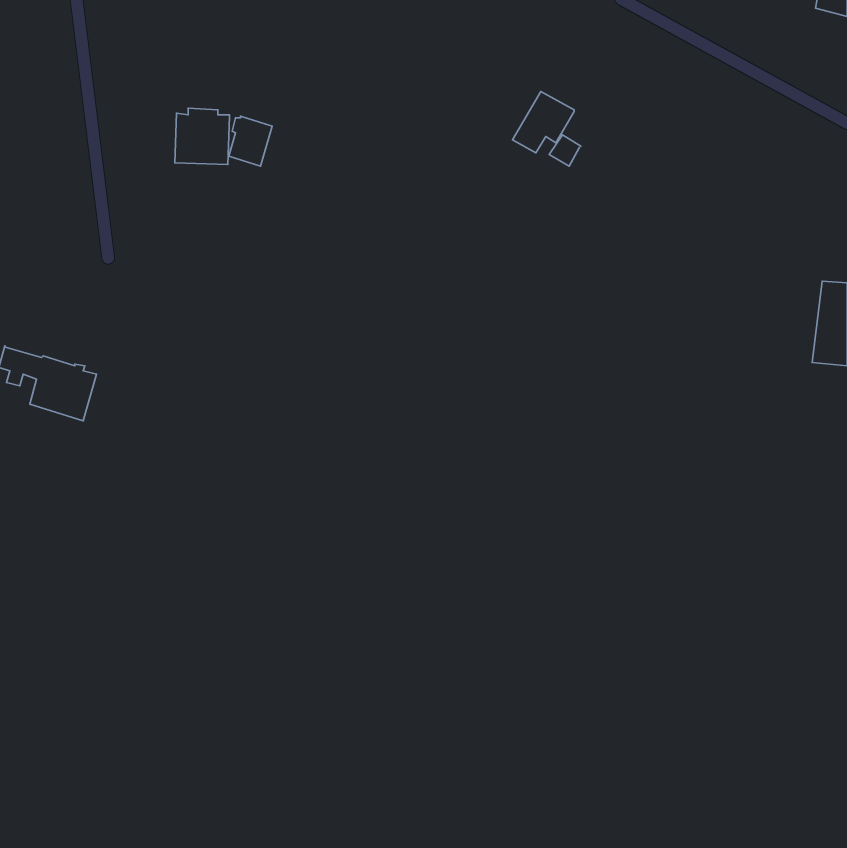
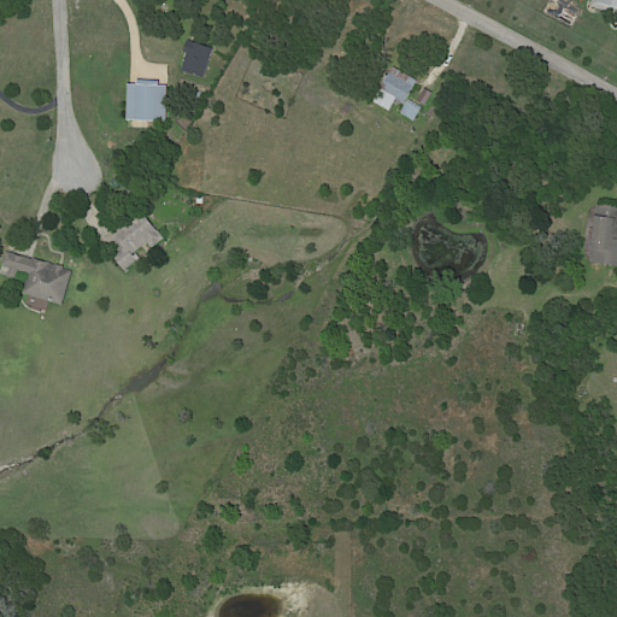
building: [229,116,272,166] -> [180,41,211,77]
building: none -> [111,210,161,271]

